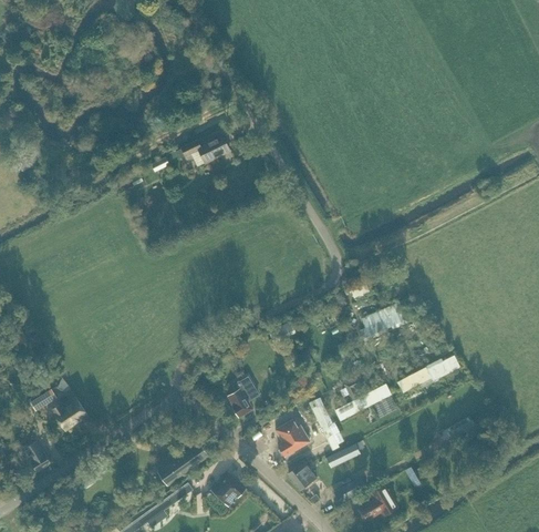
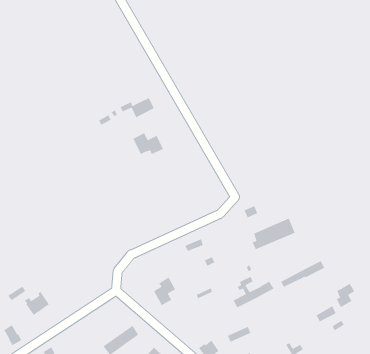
building: none -> [132,132,164,155]
building: none -> [336,283,355,308]
building: [280,420,311,454] -> none

